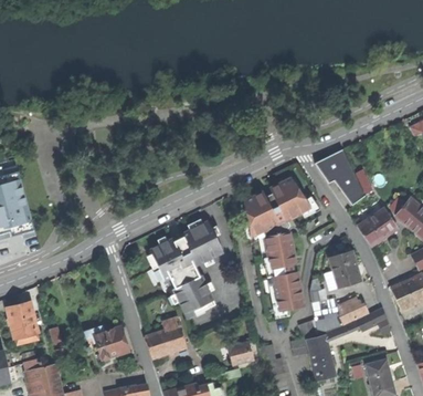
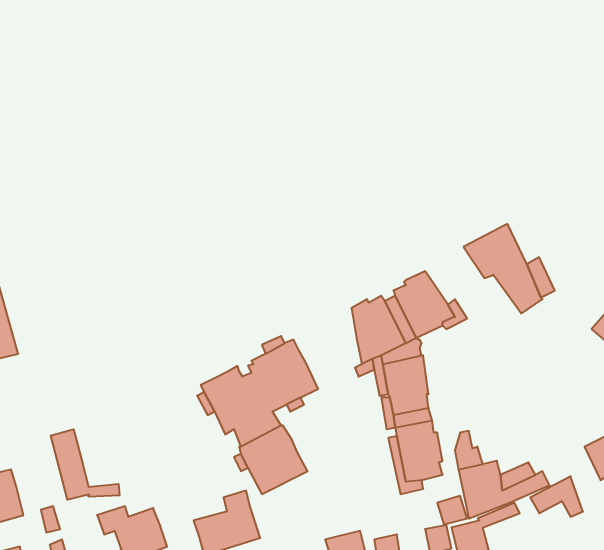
building: [358,208,398,246] -> none
building: [327,250,361,290] -> none
building: none -> [51,429,119,500]

